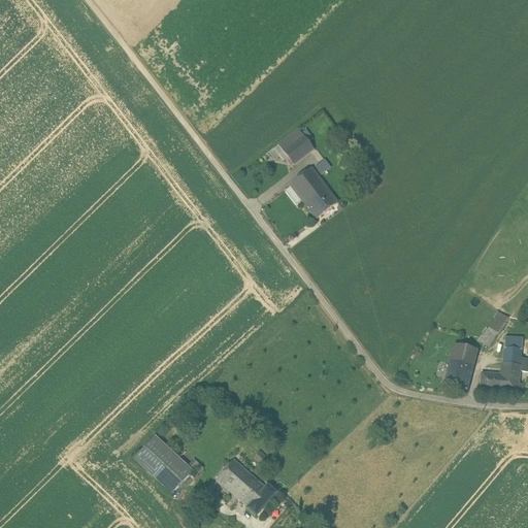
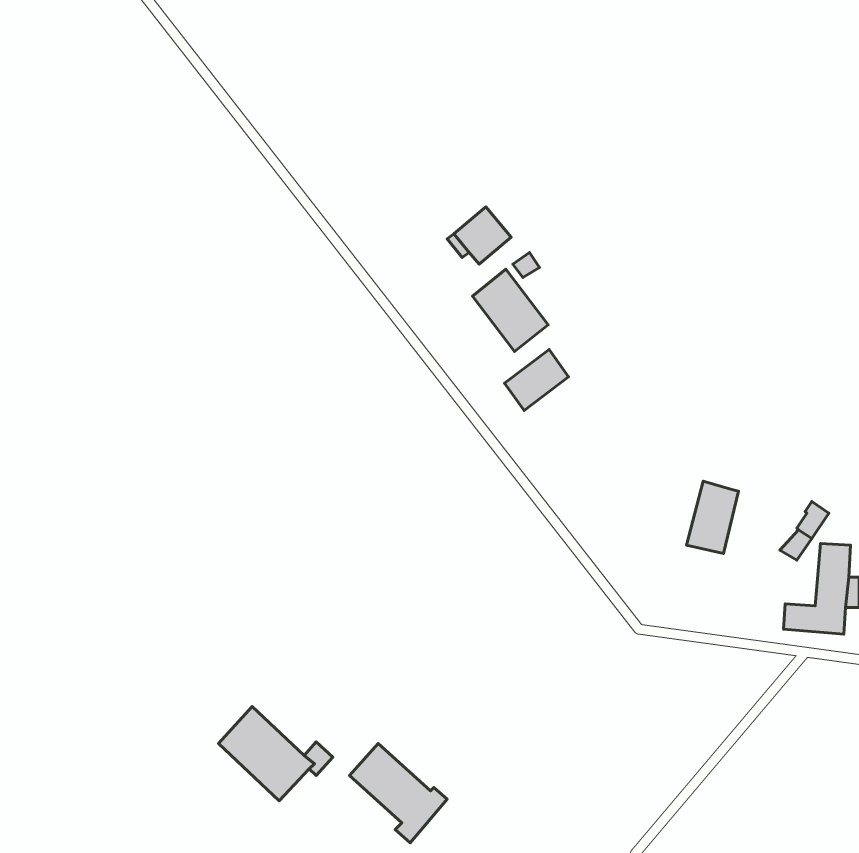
building: none -> [505,349,569,410]
building: [444,340,476,385] -> [686,481,739,554]

